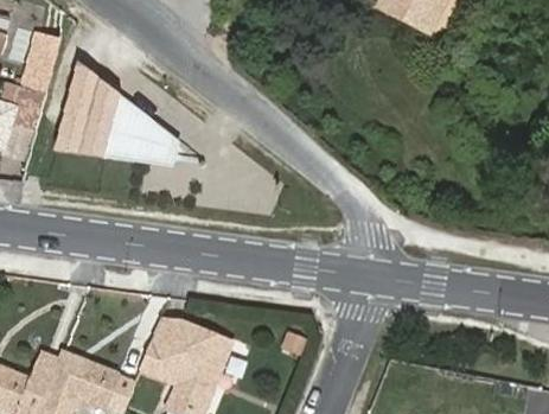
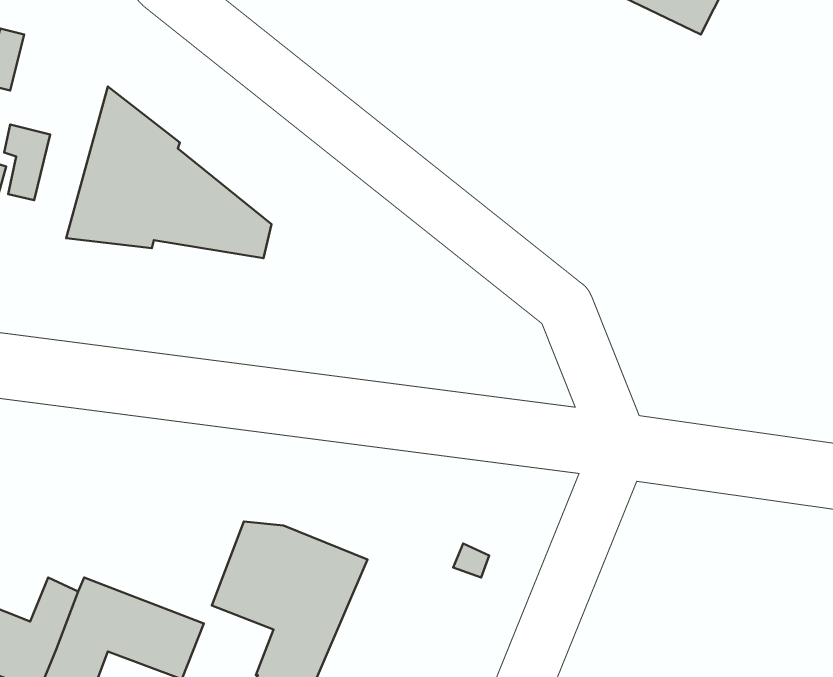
building: [20,31,56,89] -> none

